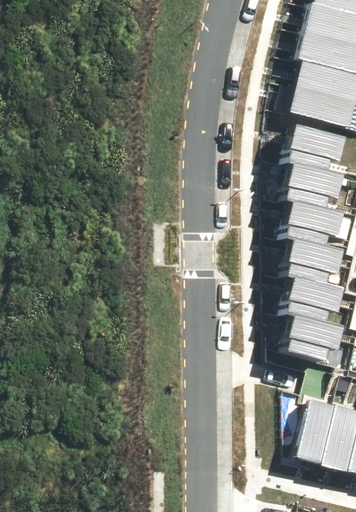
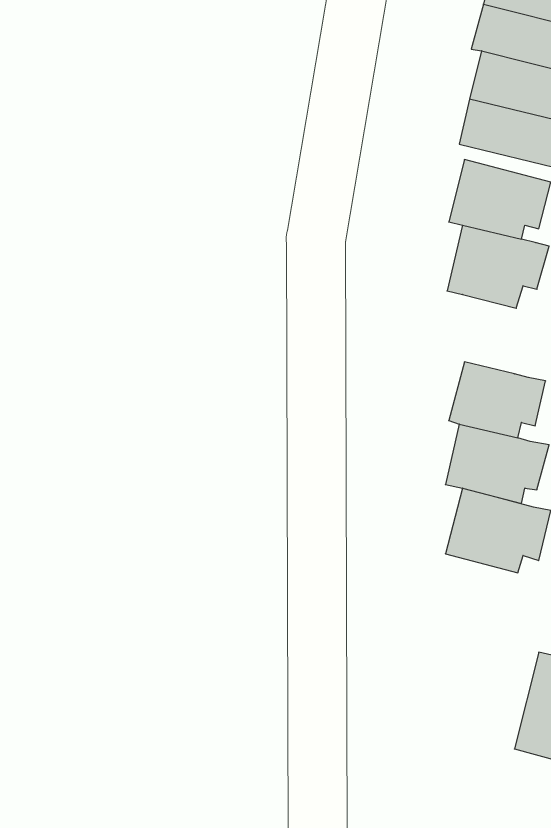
building: [284,200,340,246] -> none
building: [296,400,337,463] -> none

